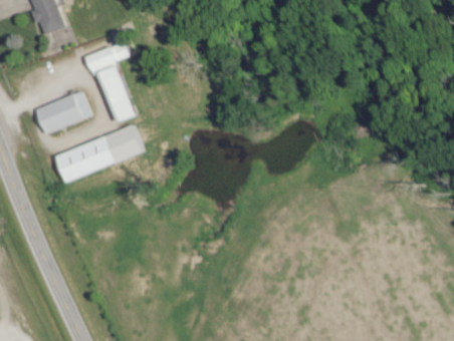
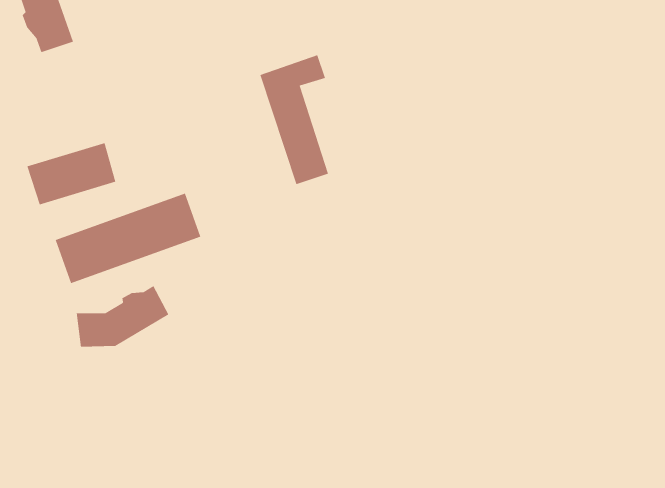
building: [89,41,134,124] -> [260,54,329,185]
building: none -> [76,285,169,347]

